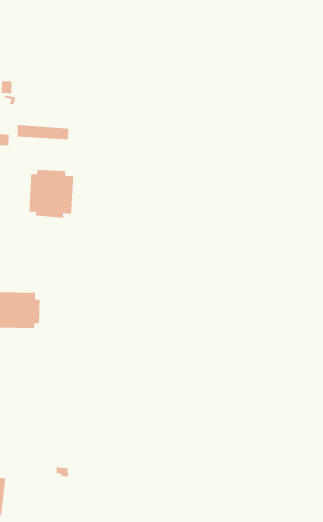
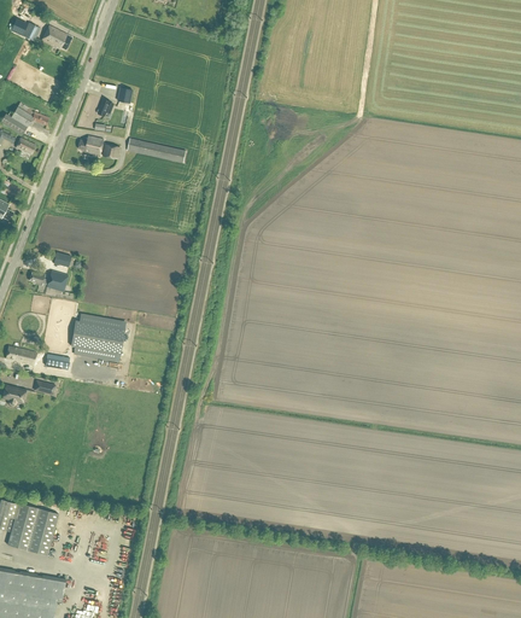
building: [29,169,74,218] -> none

